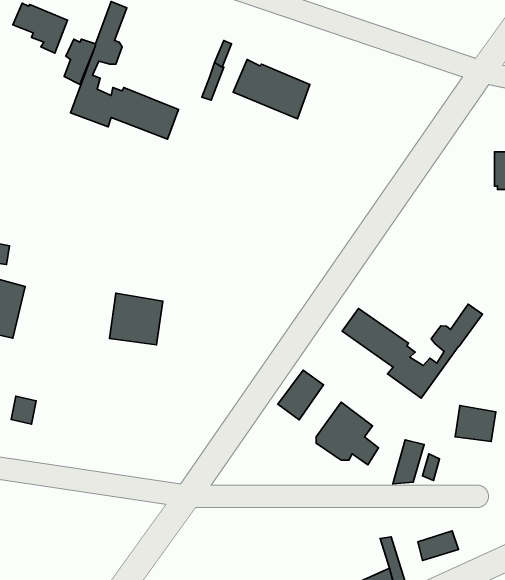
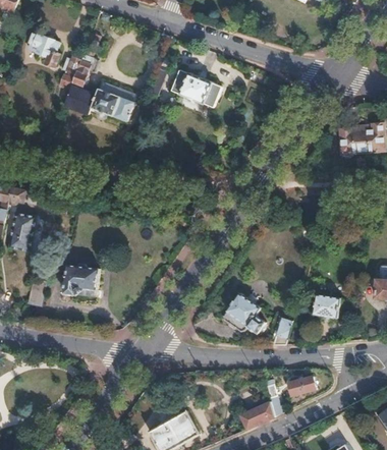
building: [110,293,163,345] -> [63,264,98,297]
building: [342,304,483,398] -> none
building: [278,370,324,420] -> none

